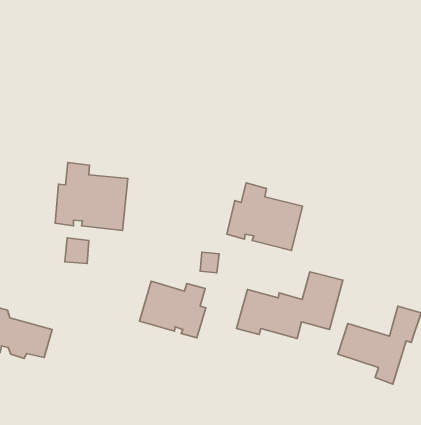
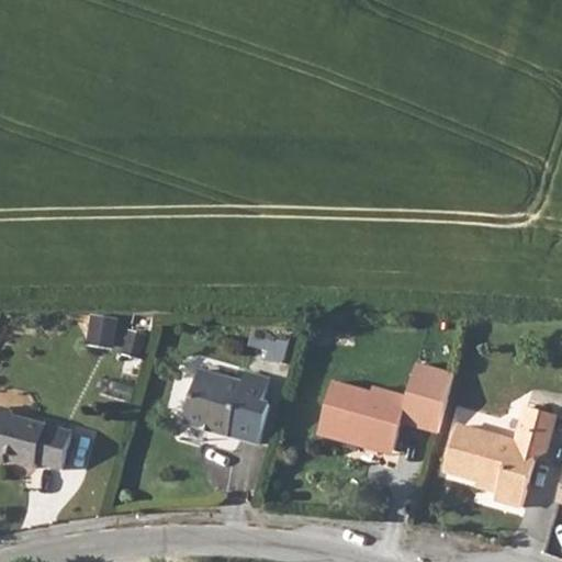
building: [55,162,128,230] -> none
building: [227,183,302,250] -> none

